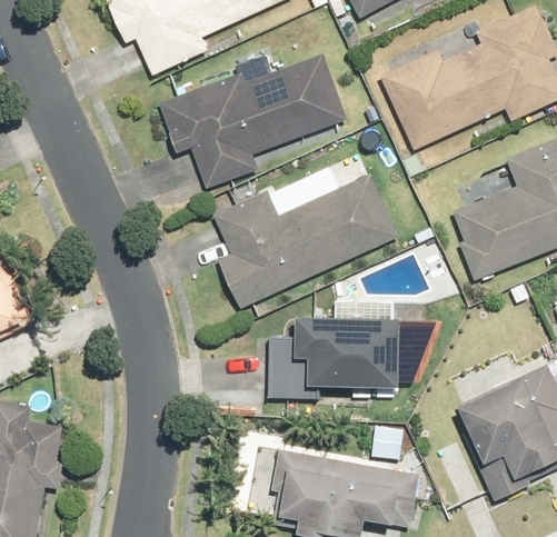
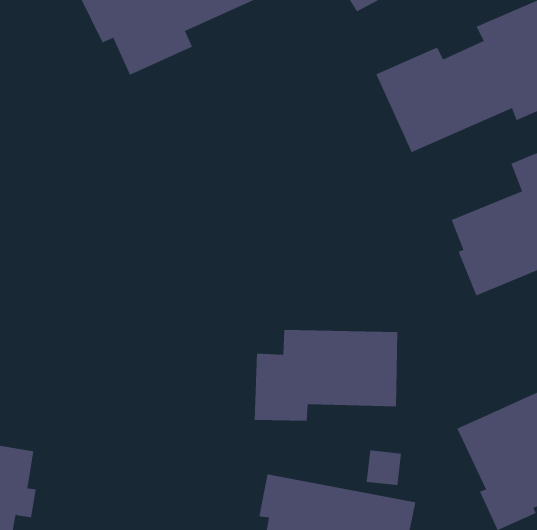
building: [156,52,348,186] -> none
building: [216,172,400,310] -> none

